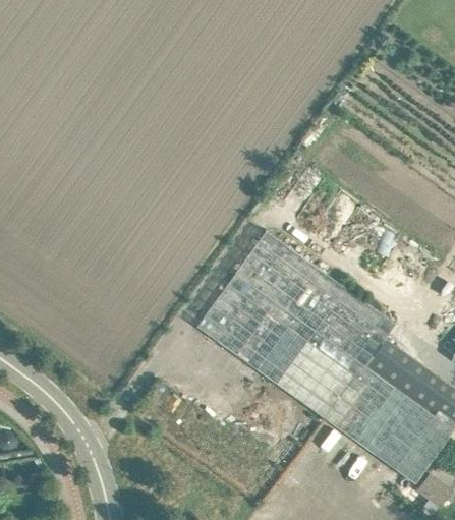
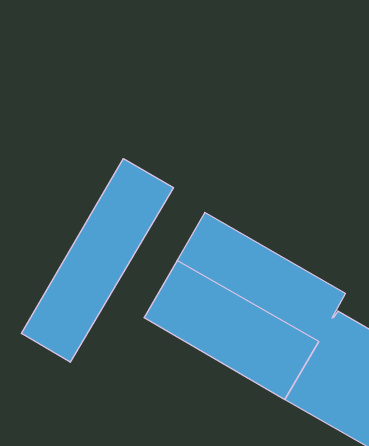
building: none -> [21,159,173,362]

